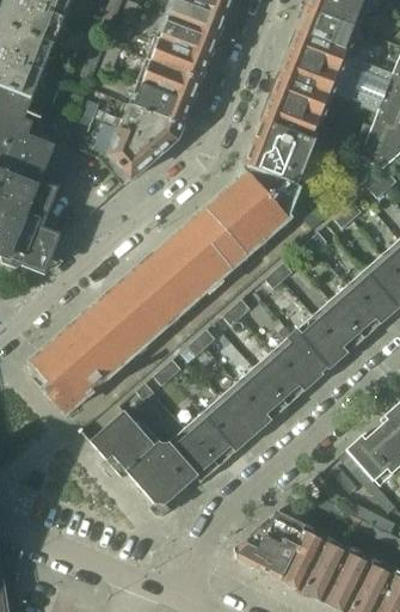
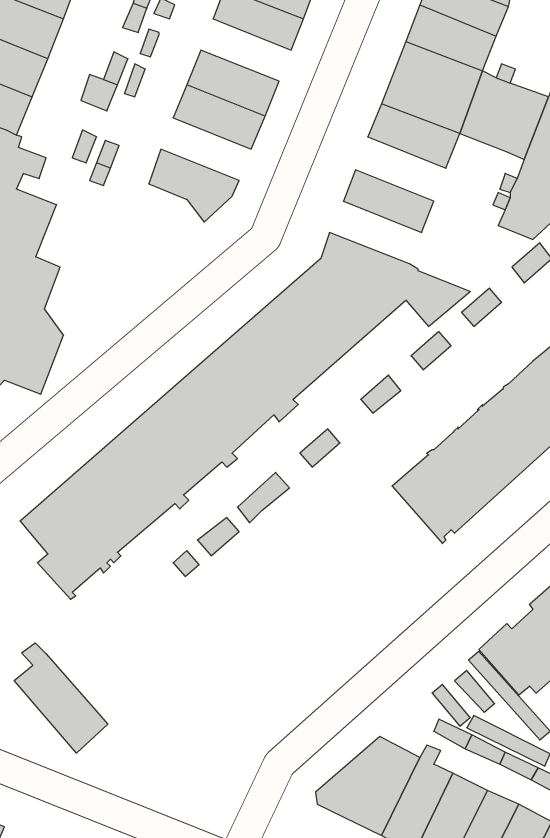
building: [155,17,217,60] -> none
building: [128,85,190,128] -> none
building: [261,98,324,142] -> none
building: [109,130,158,179] -> none
building: [244,142,307,185] -> none
building: [90,338,321,516] -> none
building: none -> [14,643,108,753]

